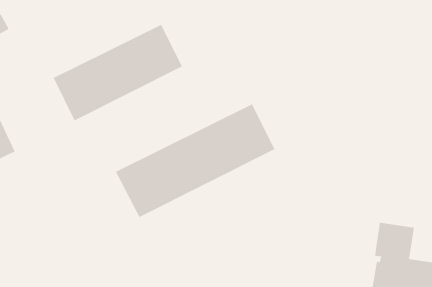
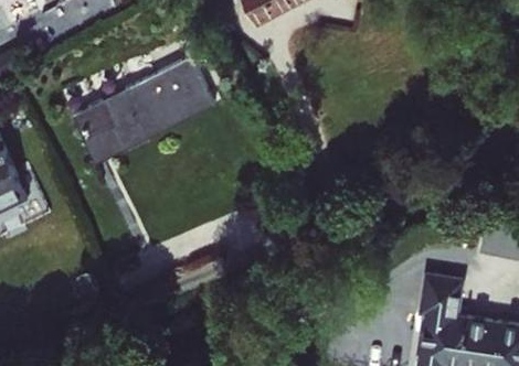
building: [115,104,275,218] -> none

